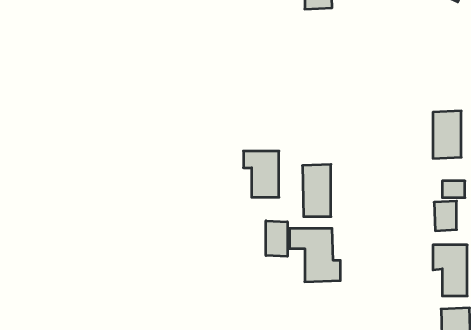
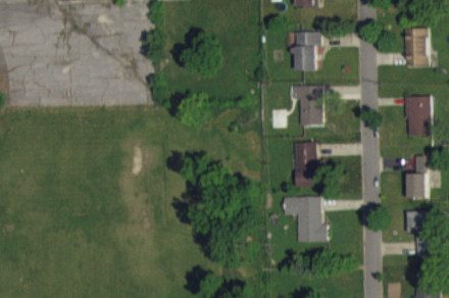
building: none -> [403,30,427,67]
building: none -> [293,33,319,71]
building: [243,151,279,197] -> [292,87,322,127]
building: [266,221,287,256] -> none

